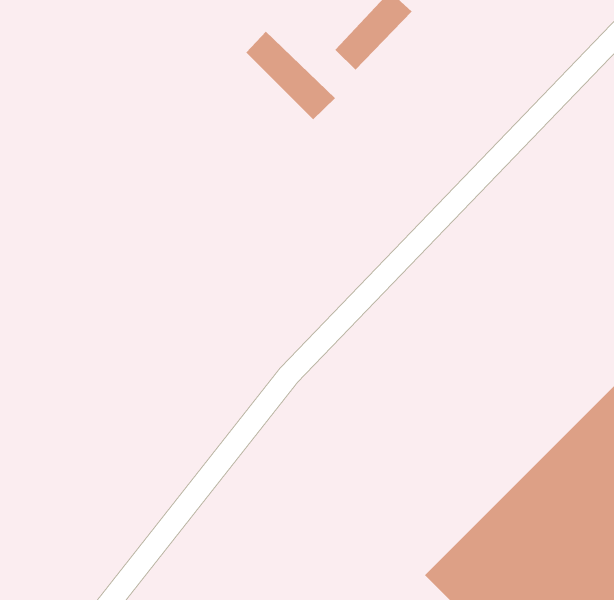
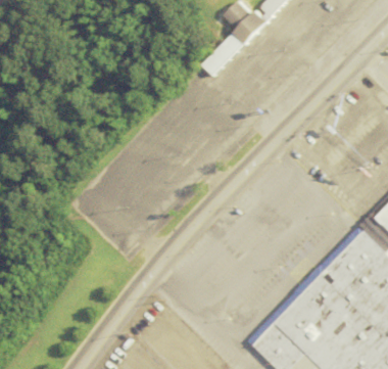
building: [245,31,336,120] -> none

